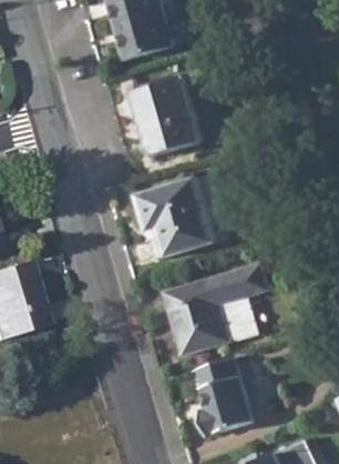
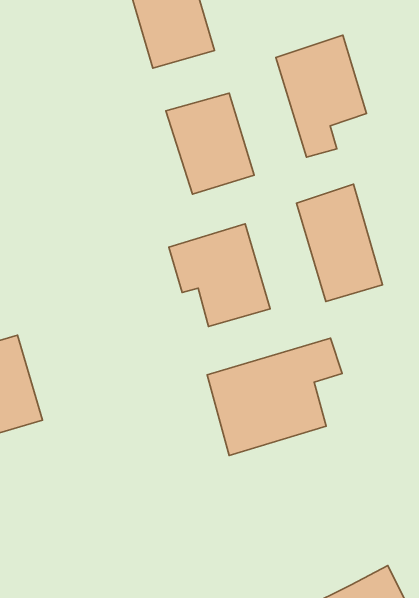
building: none -> [276,35,367,157]
building: none -> [297,184,383,302]
building: [197,357,250,435] -> none

